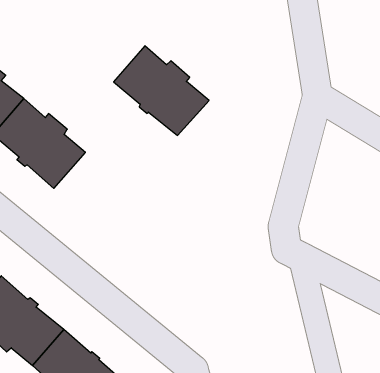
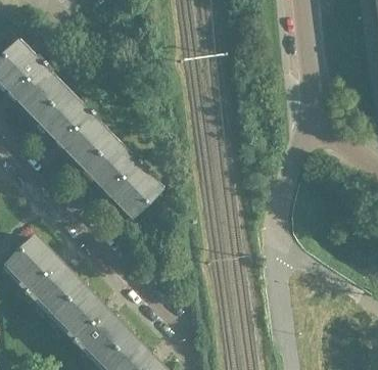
building: [114,46,209,135] -> [81,138,158,215]

